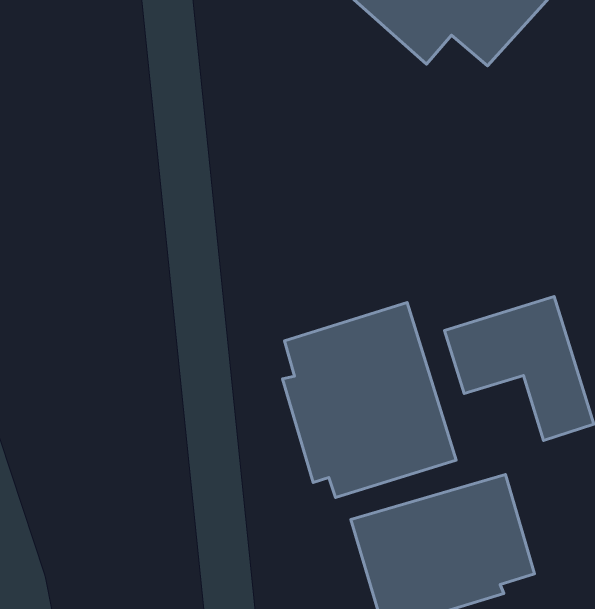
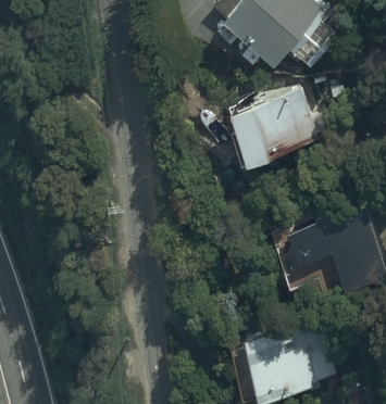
building: none -> [228,92,329,168]
building: [283,303,456,497] -> none

